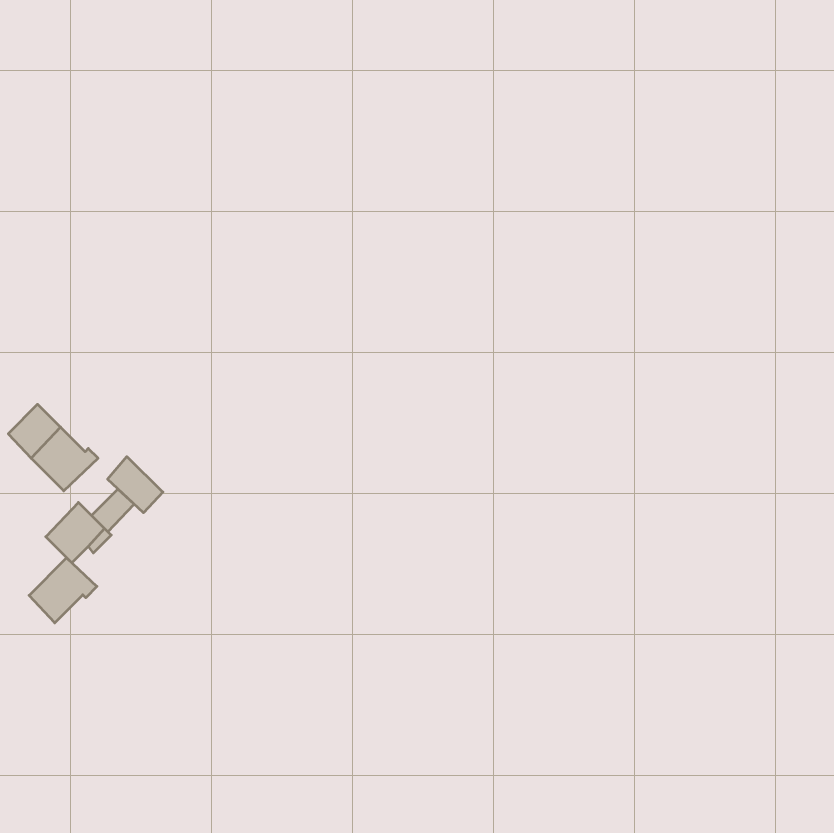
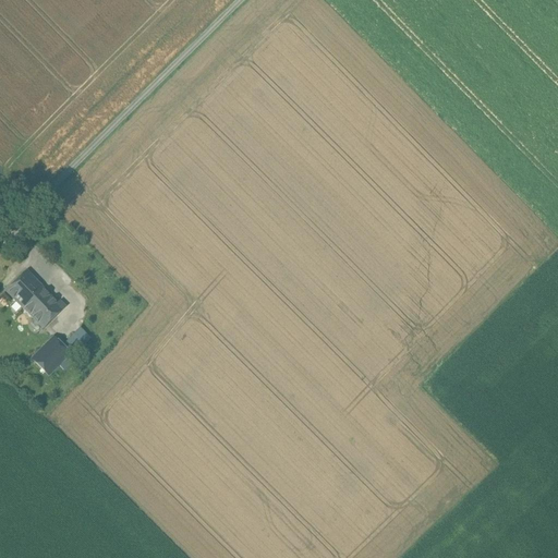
building: [108,457,163,513] -> none
building: [29,558,97,623] -> none

